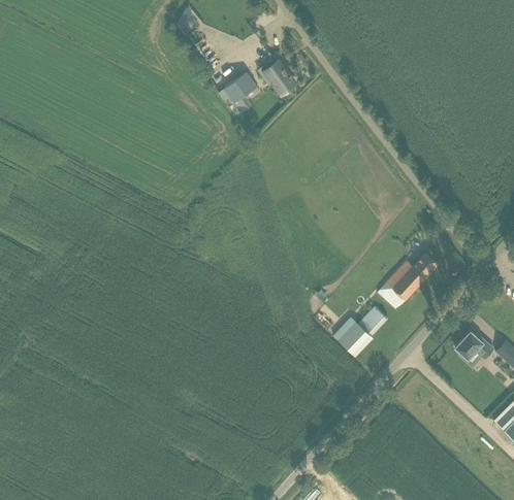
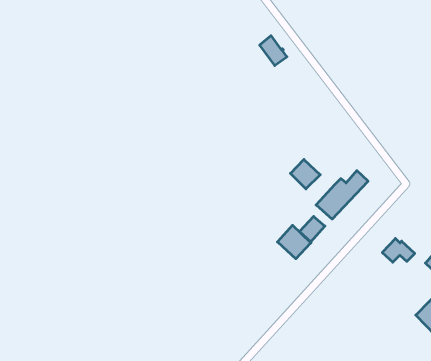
building: [263,59,295,94] -> [260,36,287,66]
building: [218,70,256,112] -> none
building: none -> [290,159,320,189]

